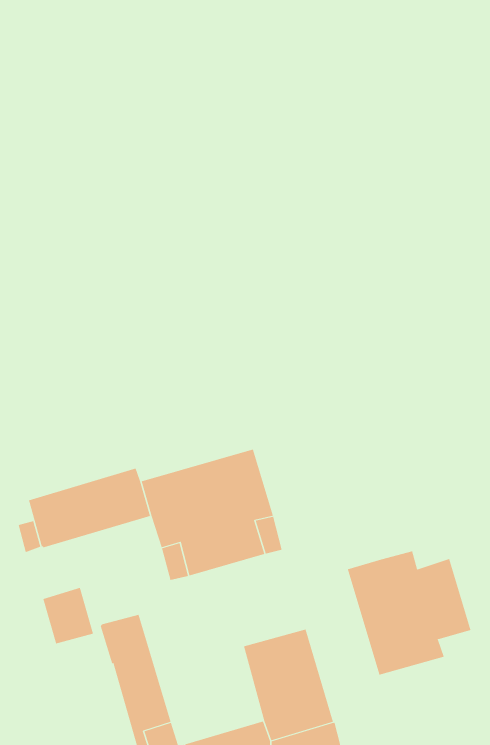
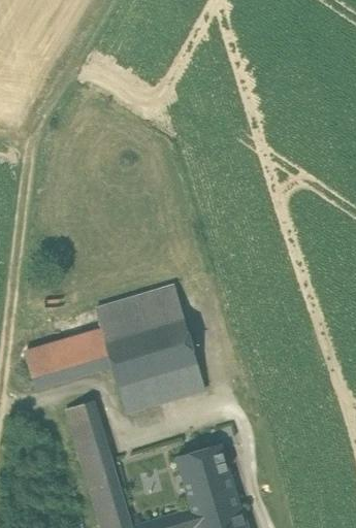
building: none -> [95,287,184,340]
building: [347,550,471,676] -> none
building: [42,587,94,644] -> [67,401,103,441]

